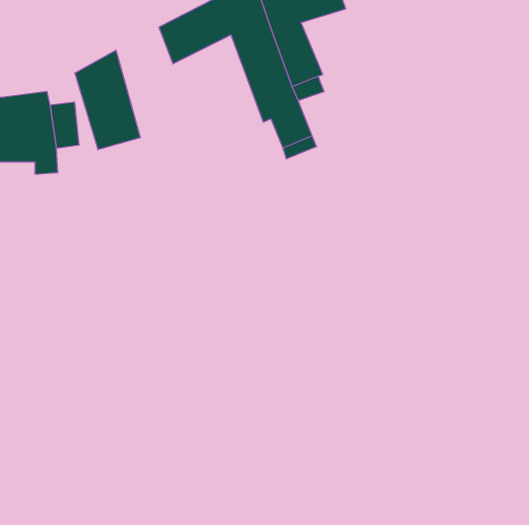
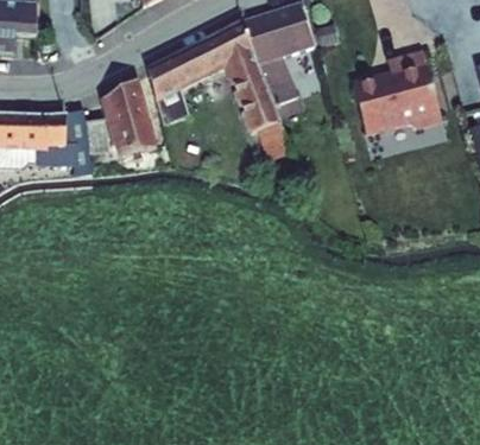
building: none -> [352,50,442,132]
building: none -> [147,58,190,125]

